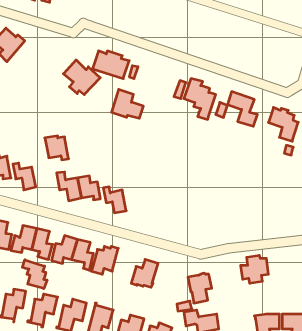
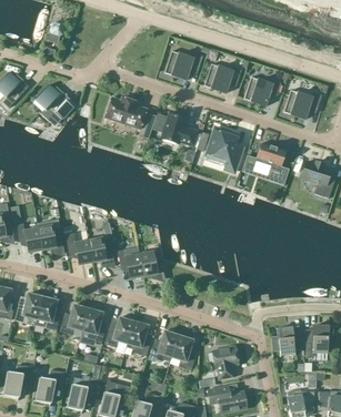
building: none -> [164,50,203,79]
building: none -> [204,63,242,92]
building: none -> [243,75,281,105]
building: none -> [283,89,322,119]
building: [63,60,100,95] -> [34,83,76,122]
building: [112,89,143,118] -> [162,112,198,144]
building: [45,136,69,160] -> [38,224,64,251]
building: none -> [139,250,166,277]
building: none -> [128,317,152,355]
building: none -> [305,324,329,357]
building: [22,260,47,289] -> none
building: none -> [172,334,198,369]

